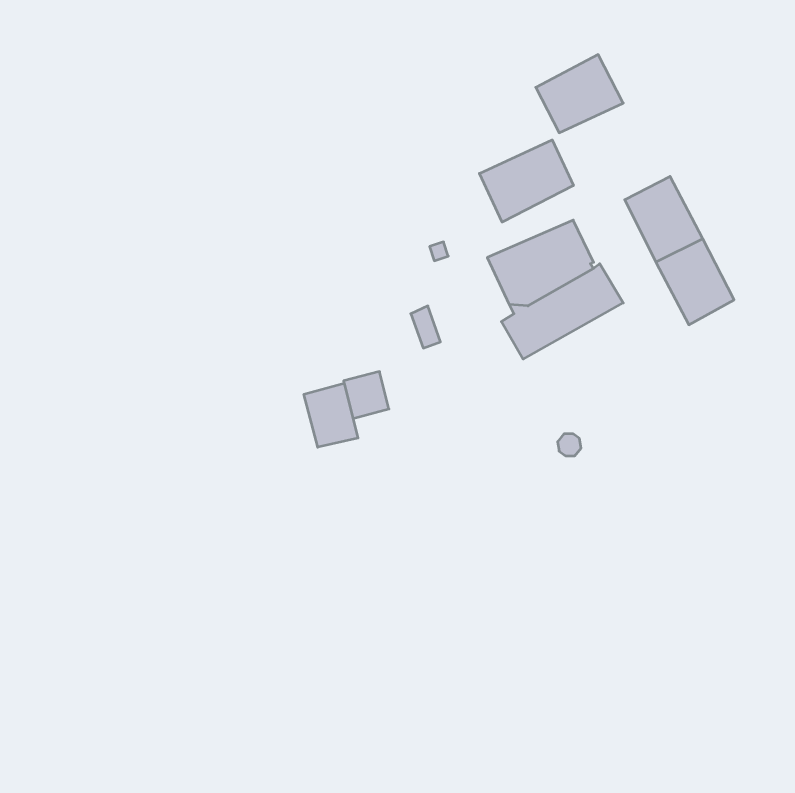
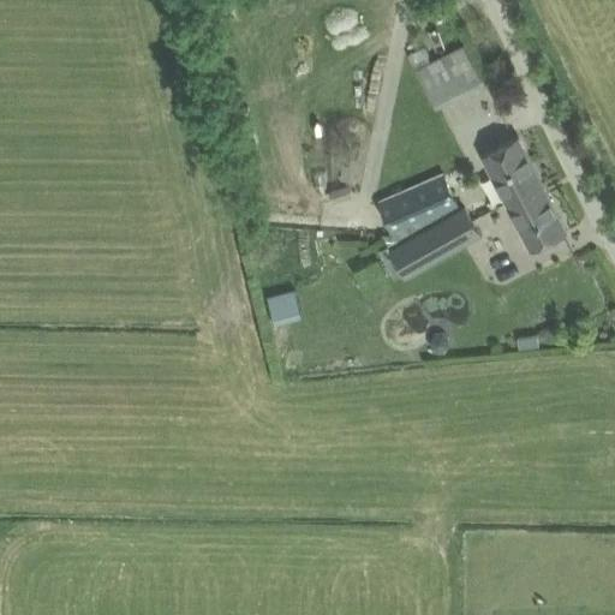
building: [479,140,573,222] -> none
building: [304,383,358,447] -> none

